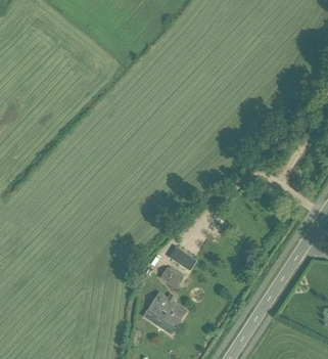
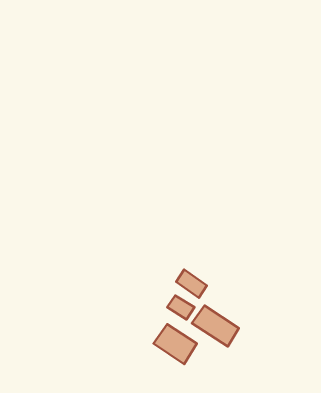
building: none -> [192,306,239,347]

